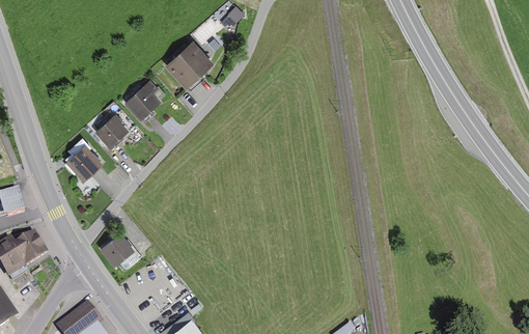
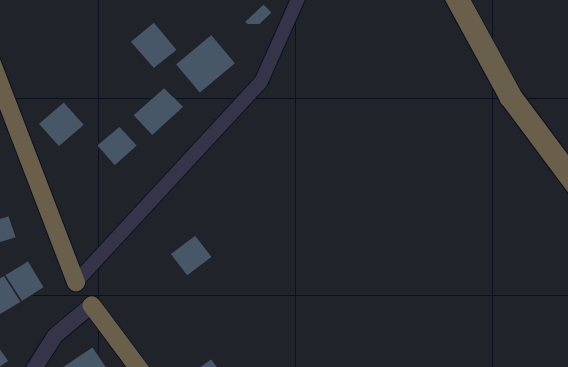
building: none -> [130,22,178,69]
building: [62,138,102,176] -> [38,102,84,147]
building: [99,230,135,266] -> [170,235,212,276]

